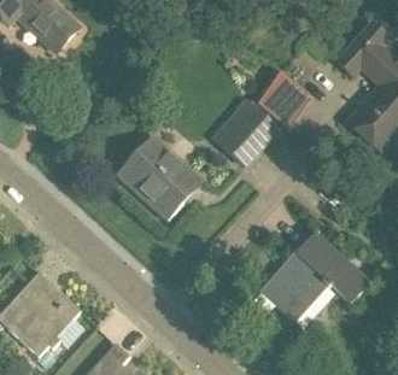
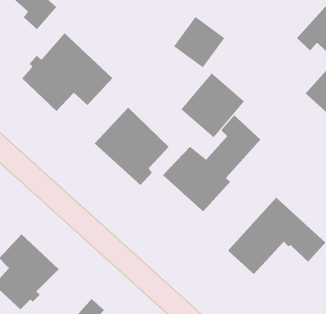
building: none -> [21,32,113,112]
building: [256,72,312,129] -> [173,16,225,68]
building: none -> [162,114,261,212]

